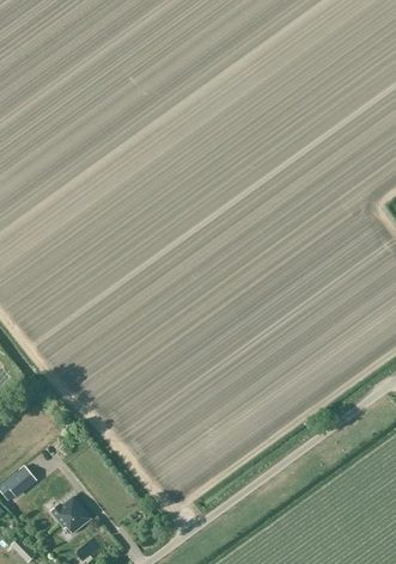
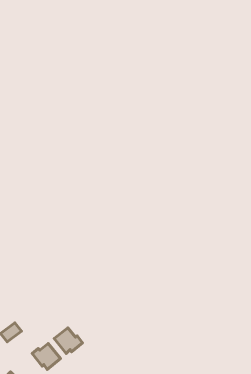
building: none -> [54,328,82,353]

